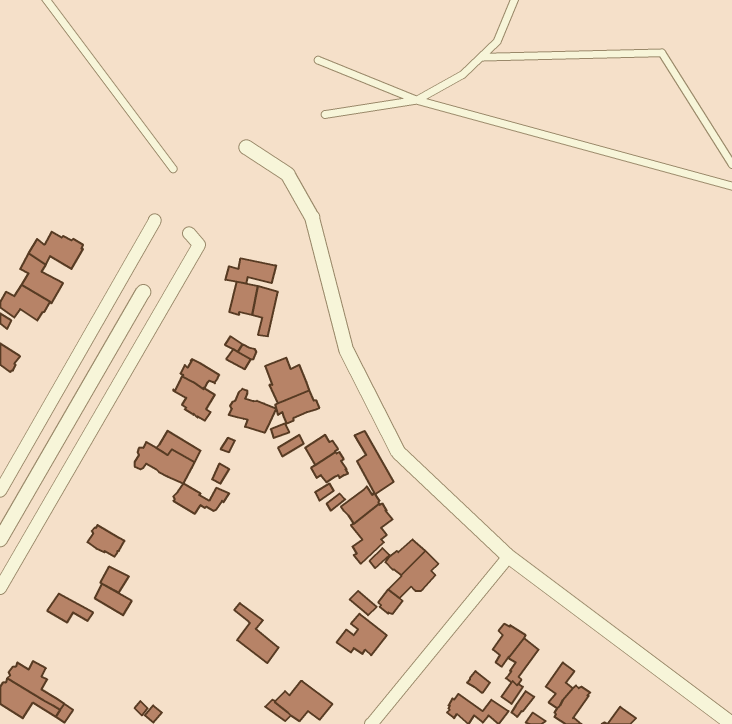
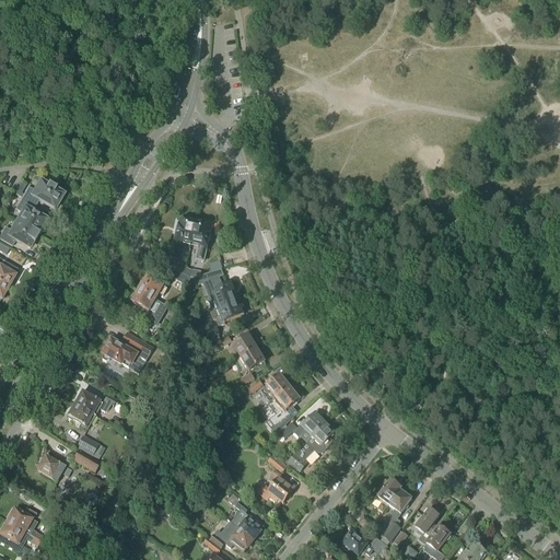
building: [225,258,276,284] -> none
building: [229,389,276,433] -> none
building: [355,431,394,494] -> none
building: [173,484,229,514] -> [74,388,117,411]
building: [234,603,279,663] -> [229,492,262,538]

